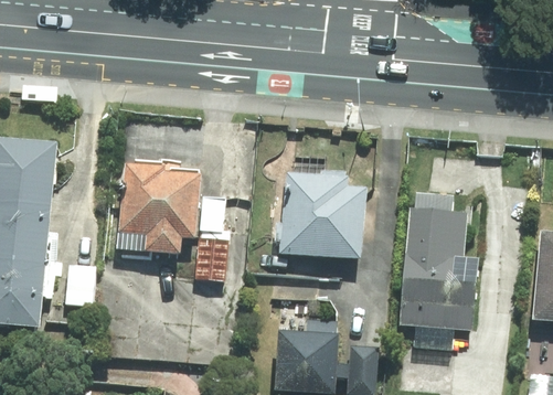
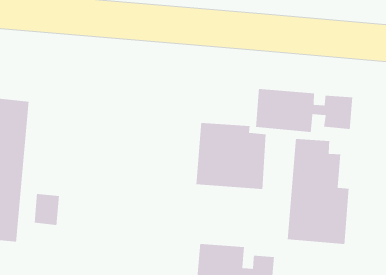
building: none -> [255,88,353,133]
building: [119,157,228,279] -> none

